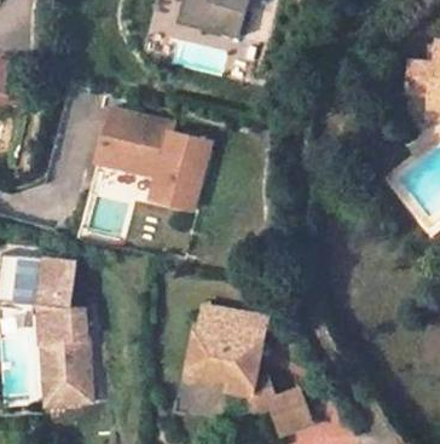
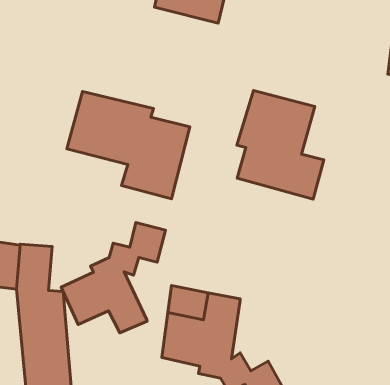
building: none -> [237,90,324,199]
building: none -> [61,223,165,333]

